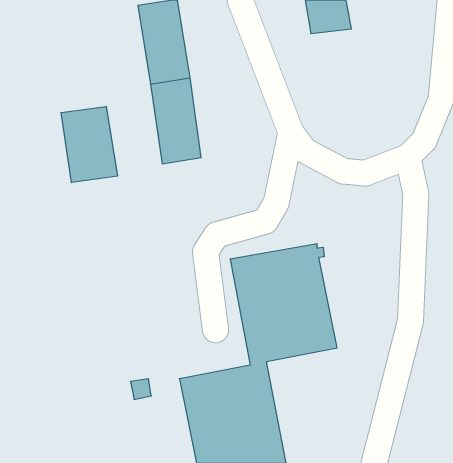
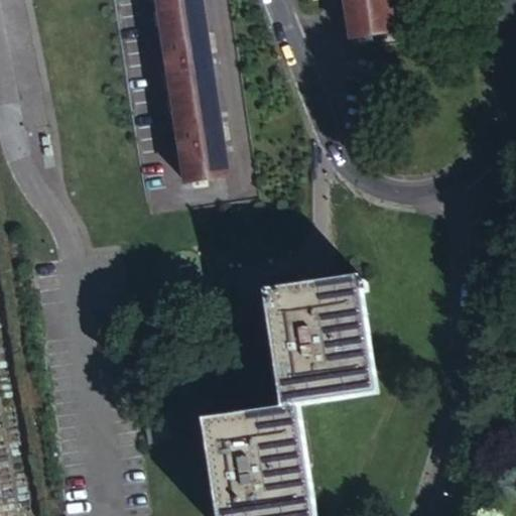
building: [61,106,118,183] -> none

